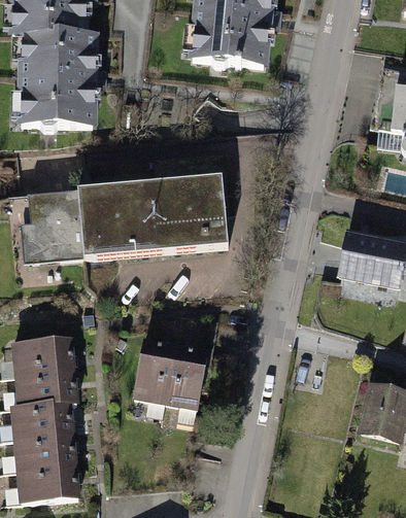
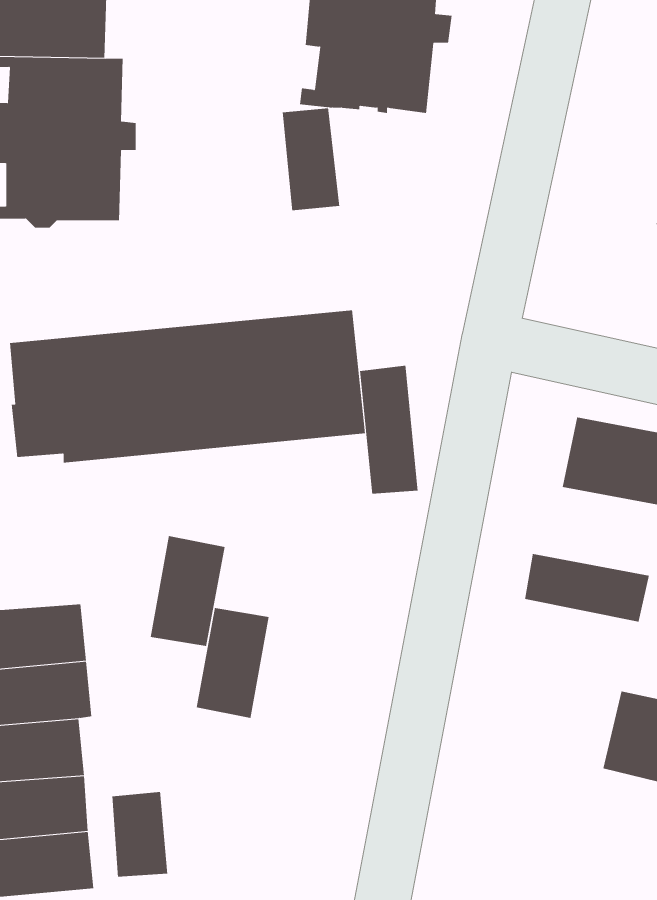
building: none -> [282,108,340,211]
building: none -> [360,365,418,495]
building: none -> [524,553,649,622]
building: [165,345,207,407] -> [150,536,225,647]
building: none -> [112,791,168,878]

